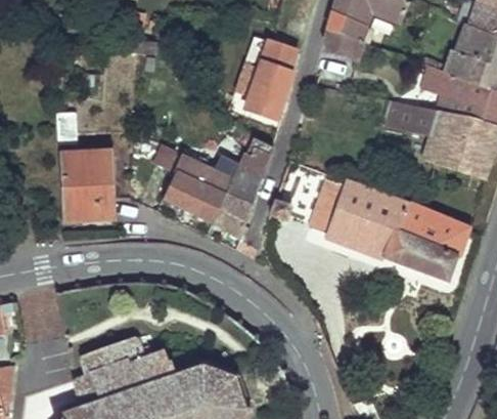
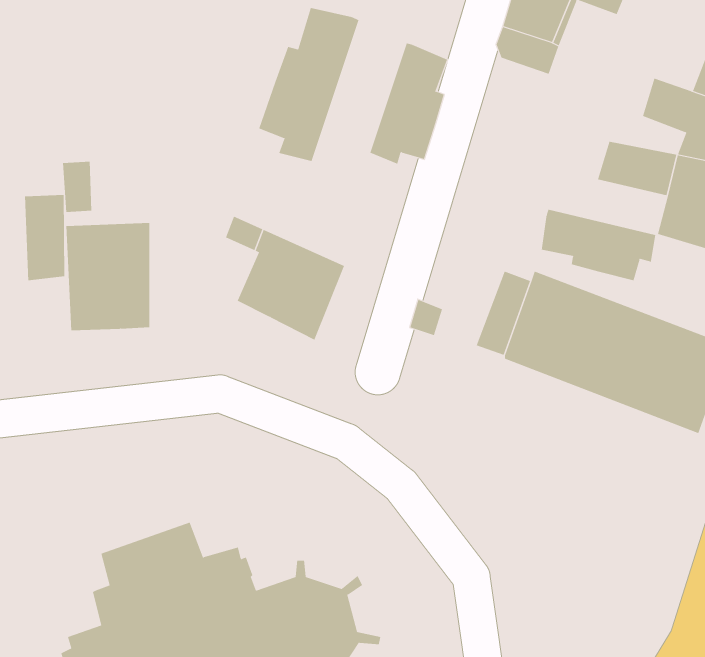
building: none -> [259,7,359,162]
building: none -> [24,194,65,281]
building: [213,136,273,236] -> none
building: none -> [541,209,656,281]

